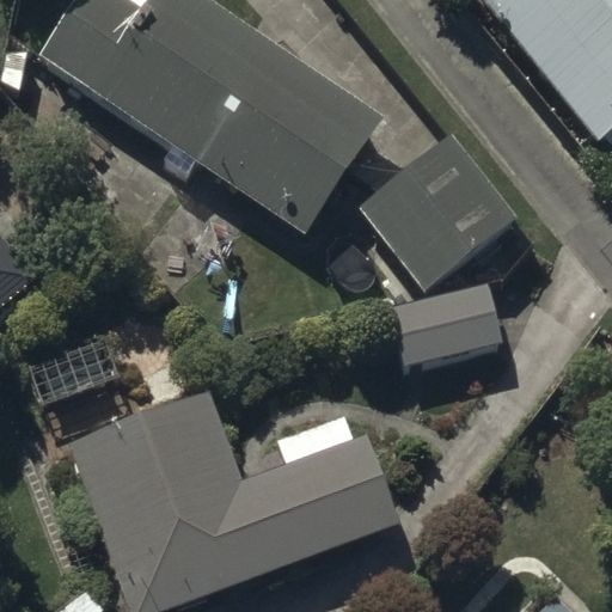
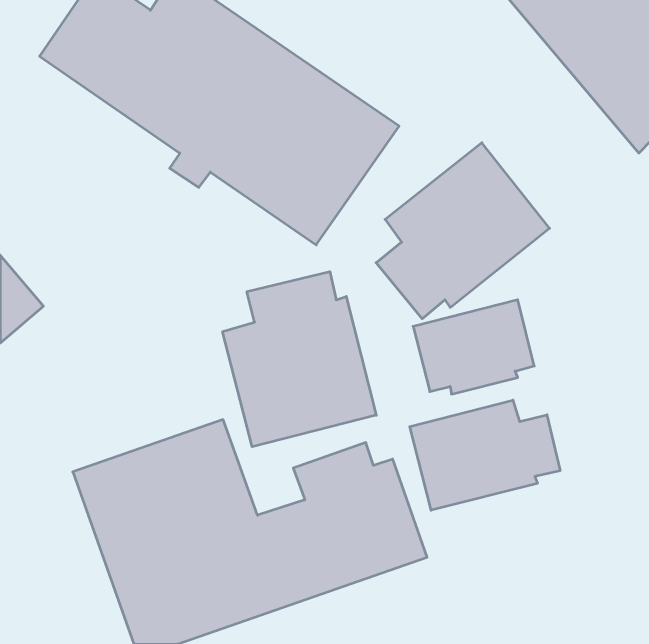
building: none -> [223,272,376,447]
building: none -> [410,400,560,510]

